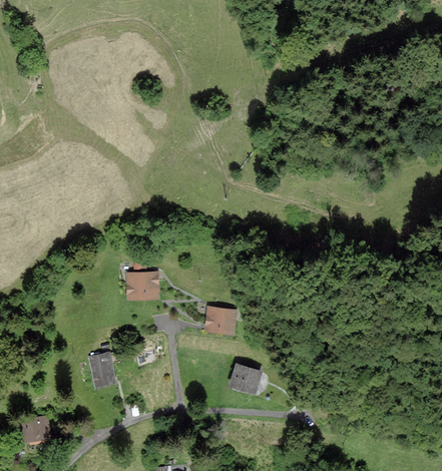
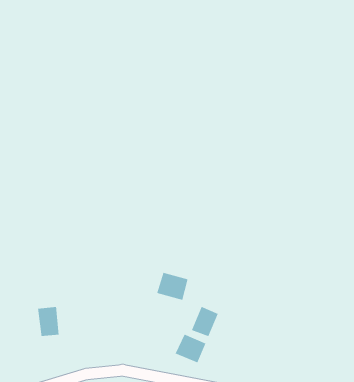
building: [127,274,157,299] -> none
building: none -> [191,306,219,337]

